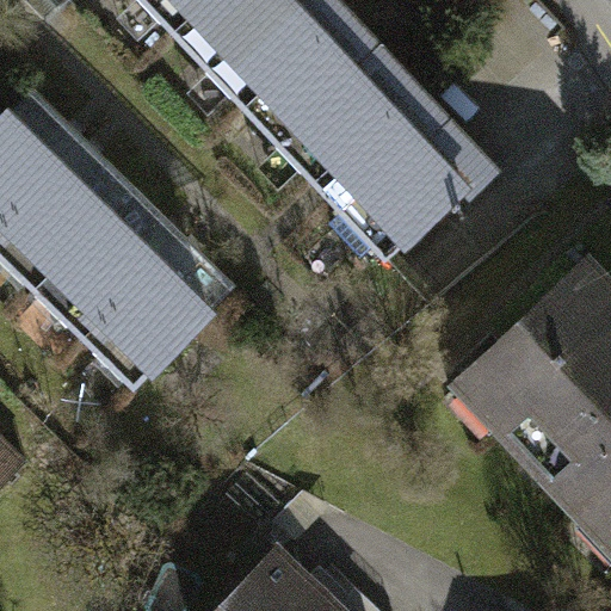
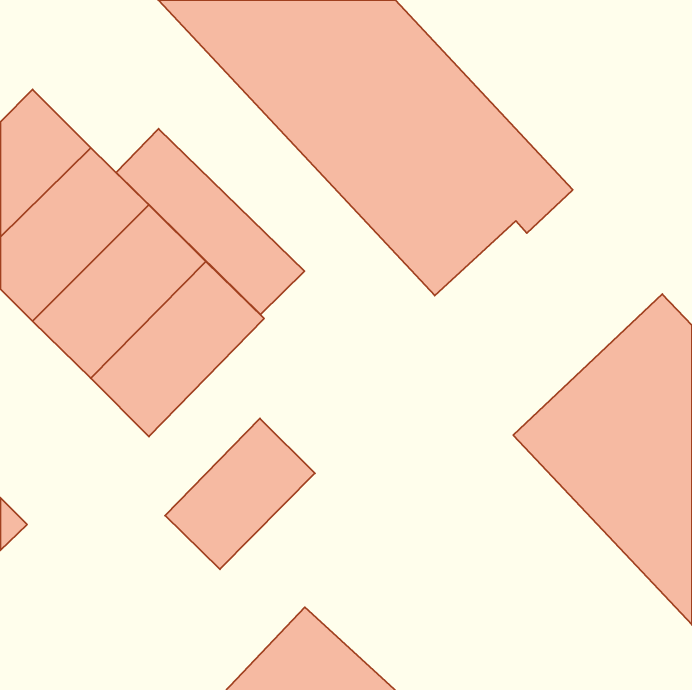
building: none -> [116,129,304,315]
building: none -> [165,418,315,569]

